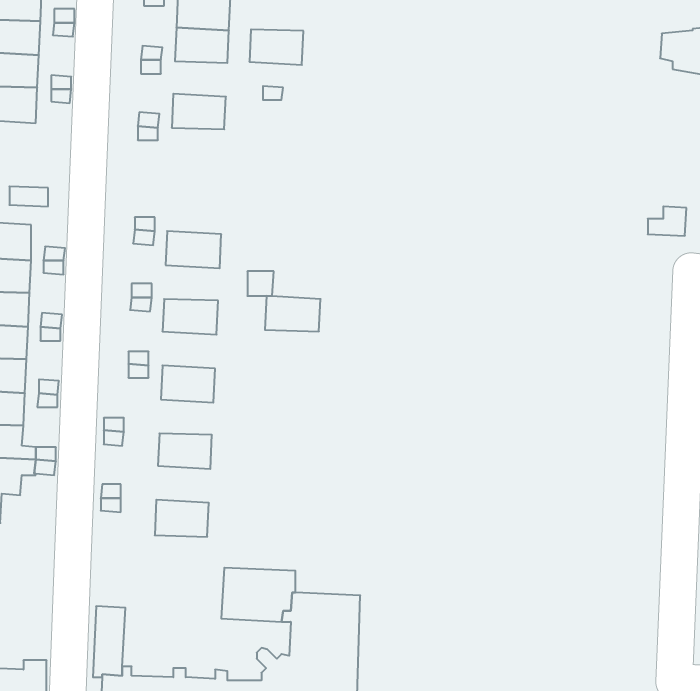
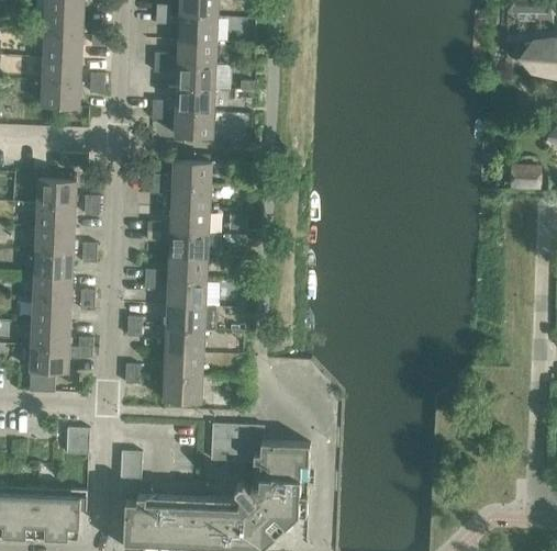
building: [249,29,303,65] -> [176,64,214,89]
building: none -> [174,111,212,137]
building: none -> [171,160,211,187]
building: [265,296,321,331] -> [169,209,209,234]
building: none -> [168,256,207,282]
building: none -> [166,304,215,330]
building: none -> [164,351,202,378]
building: none -> [65,427,89,454]

